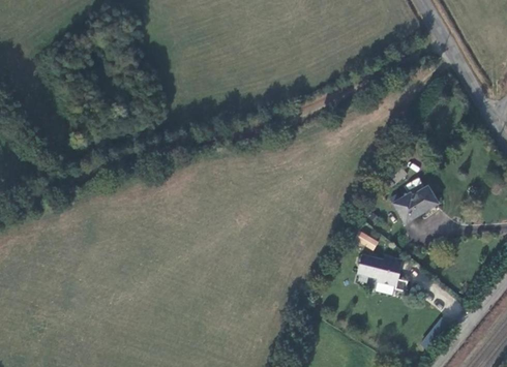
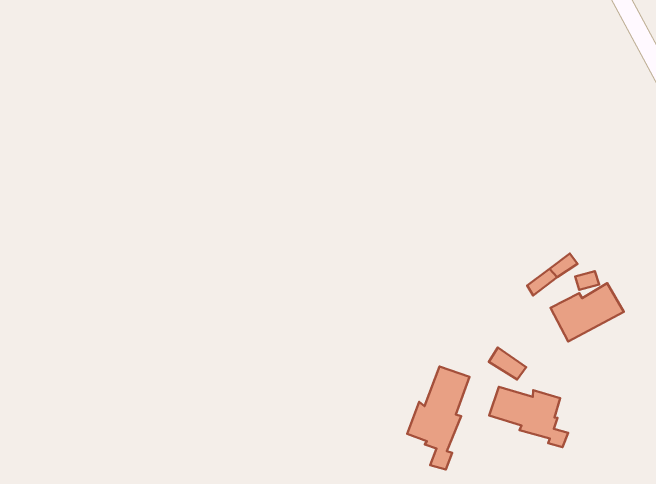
building: none -> [407,367,470,469]

